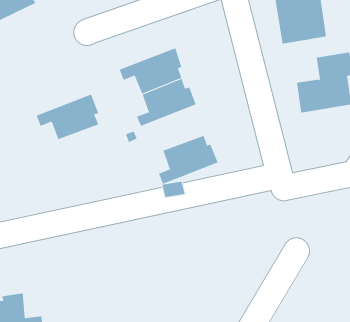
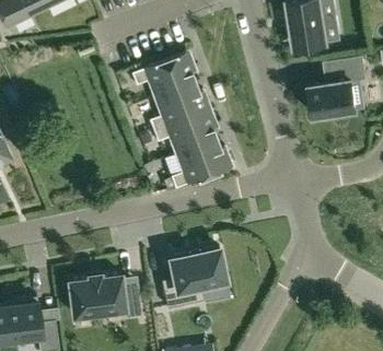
building: [36,94,99,140] -> [153,108,217,154]
building: none -> [159,248,223,307]
building: none -> [68,273,141,318]

